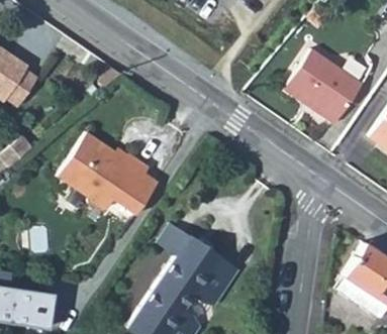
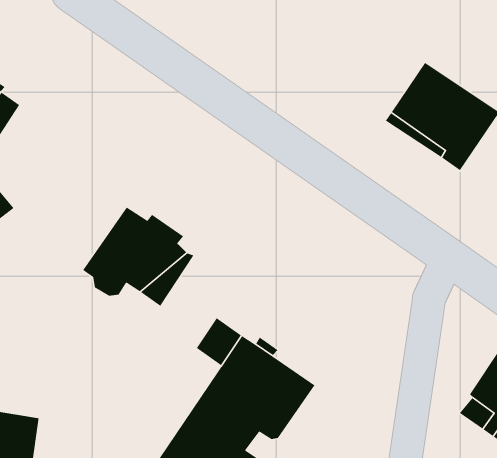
building: [56,130,110,191] -> none

